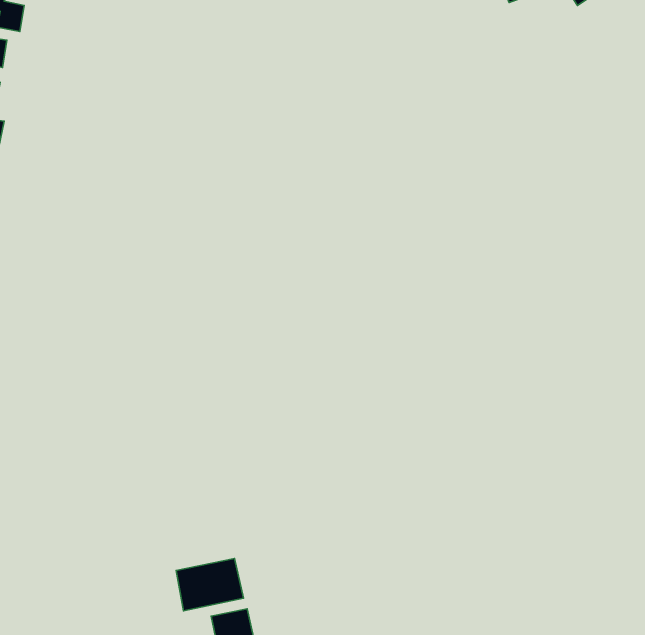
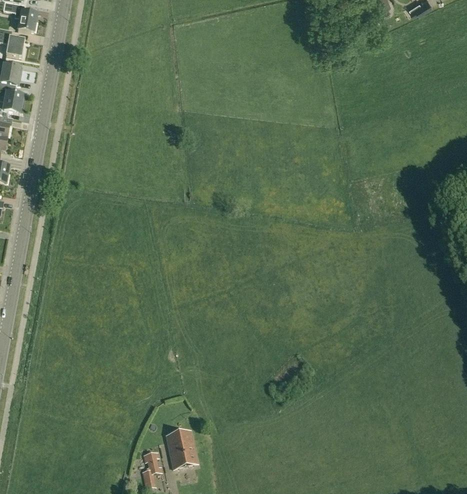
building: [176,559,243,611] -> none

